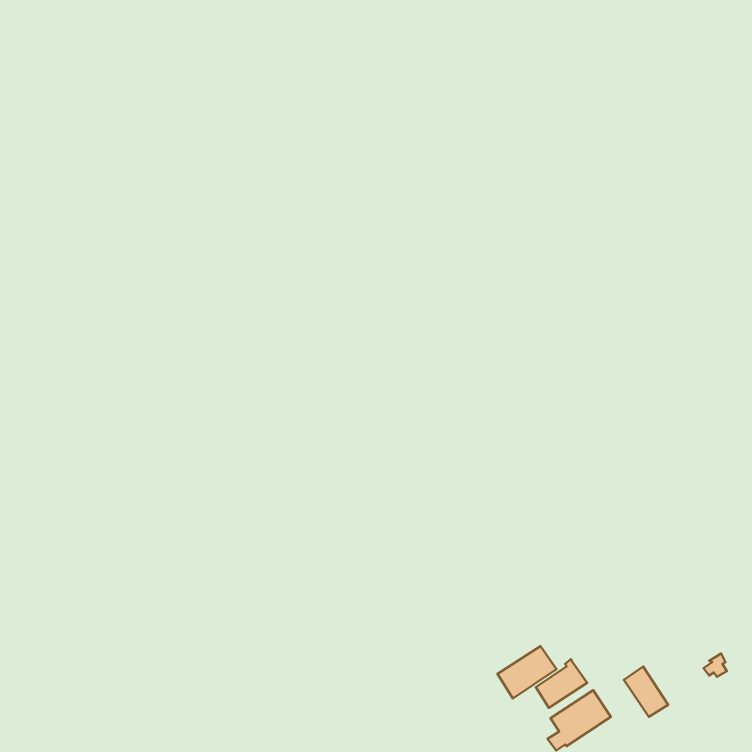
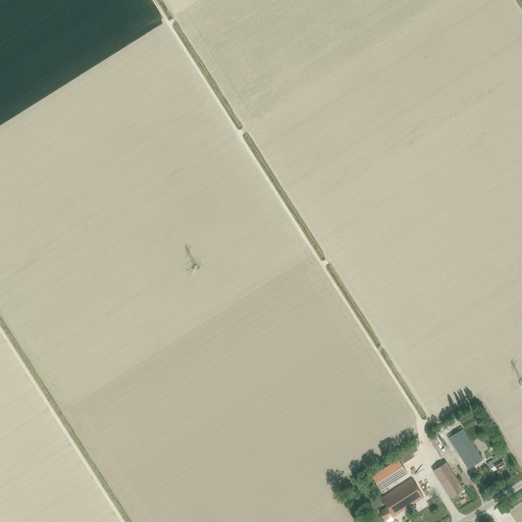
building: none -> [446,418,482,469]
building: [497,646,557,698] -> none

